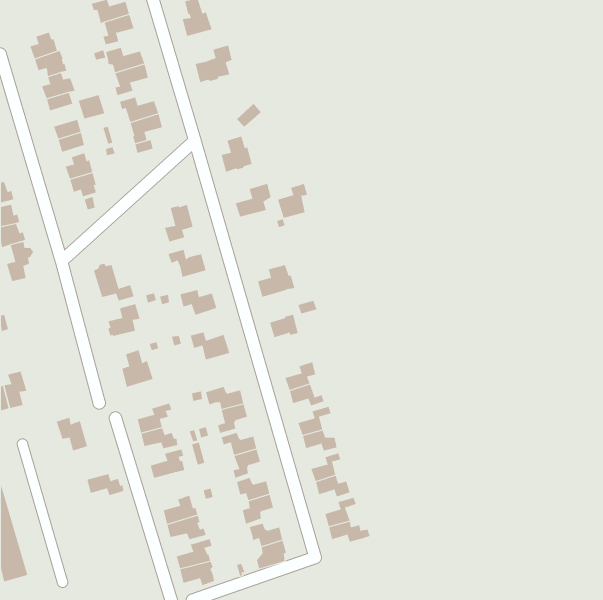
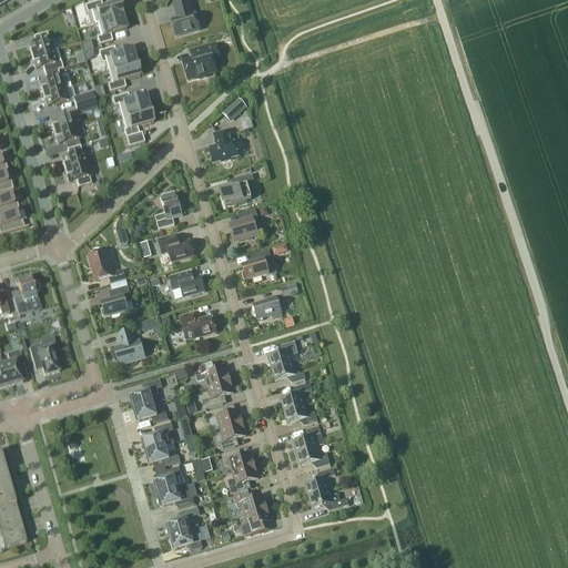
building: [277,183,308,219] -> [230,206,258,240]
building: [6,241,33,284] -> [13,275,39,315]
building: [56,417,88,451] -> [29,342,59,374]
building: [87,474,124,496] -> [144,444,180,465]

